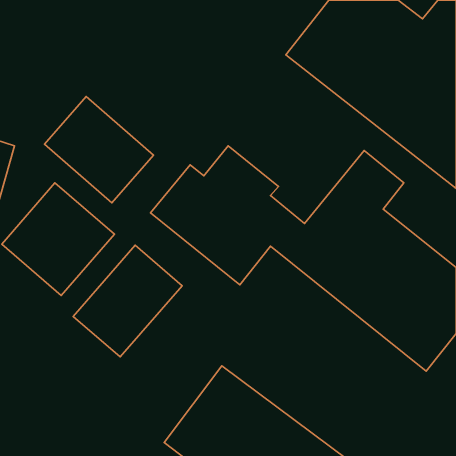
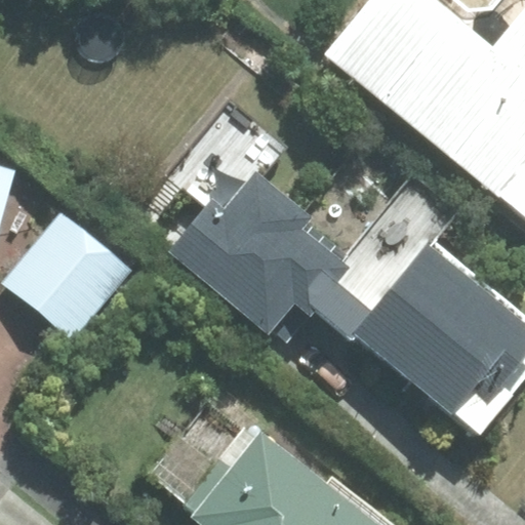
building: [45,97,153,203] -> none
building: [73,245,182,357] -> none

